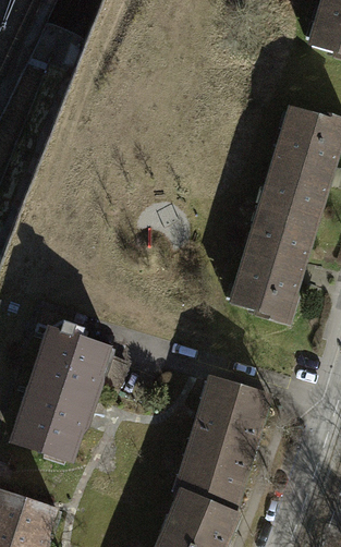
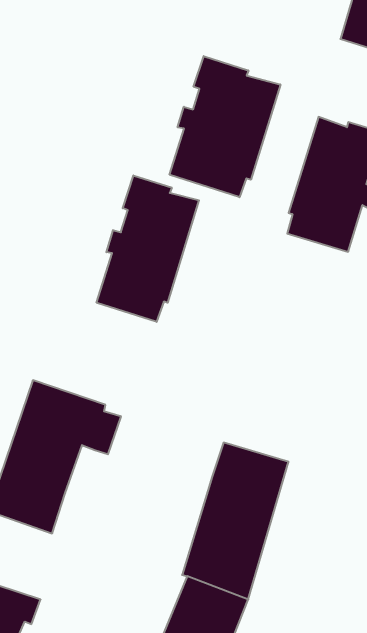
building: none -> [170,56,280,197]
building: none -> [97,175,199,322]
building: [230,206,315,321] -> none

